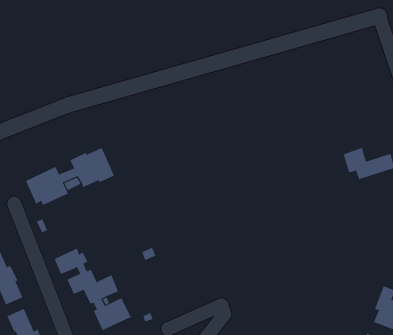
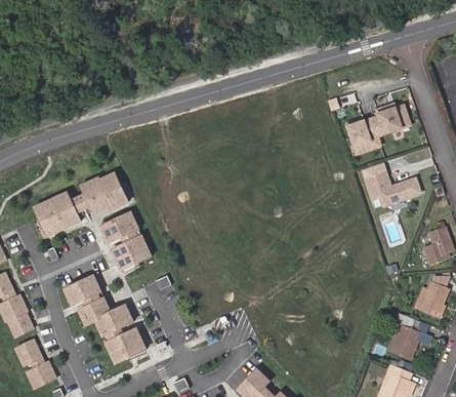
building: none -> [345,103,411,154]
building: none -> [100,212,151,271]

